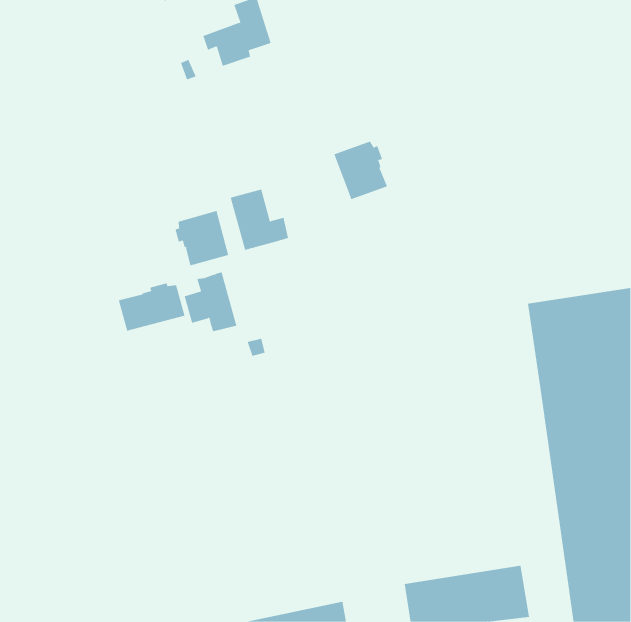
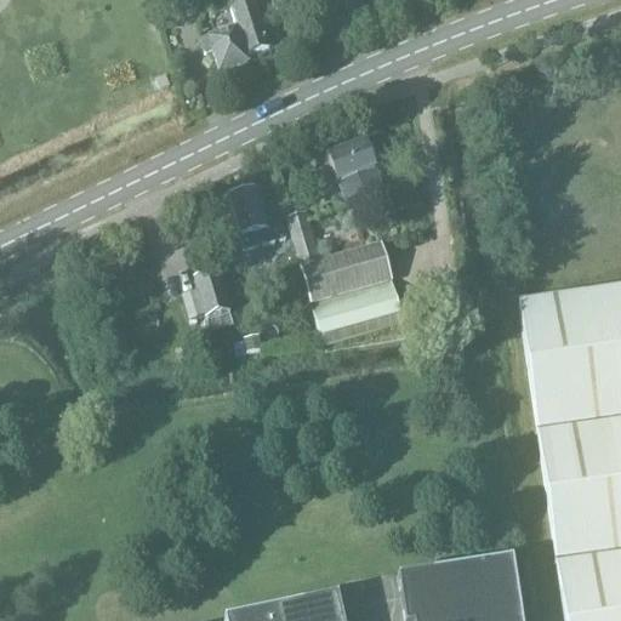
building: [175,210,229,266] -> none
building: none -> [286,209,403,342]
building: [118,283,185,332] -> none

